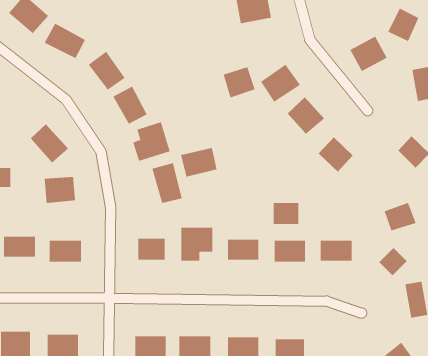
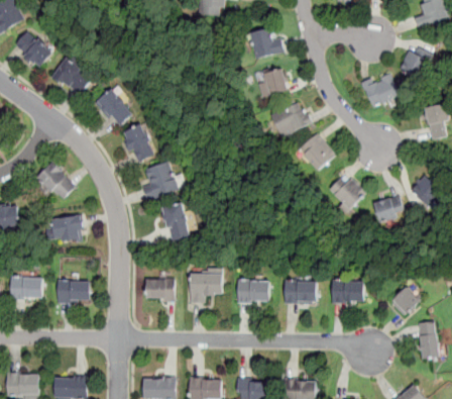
building: [223,66,256,98] -> [255,68,289,100]
building: [180,147,217,178] -> none
building: [273,202,299,225] -> none
building: [384,202,417,231] -> [371,193,405,222]

